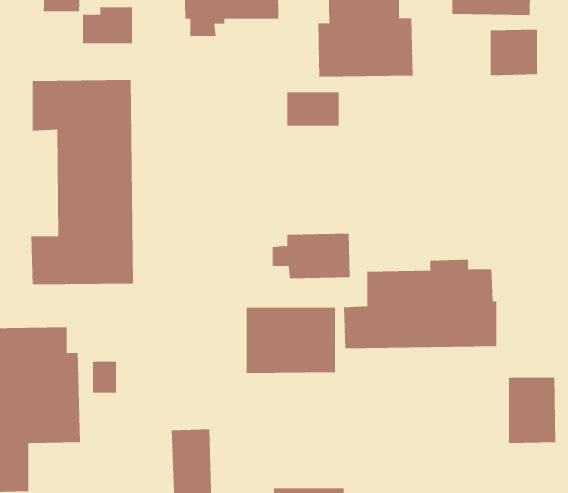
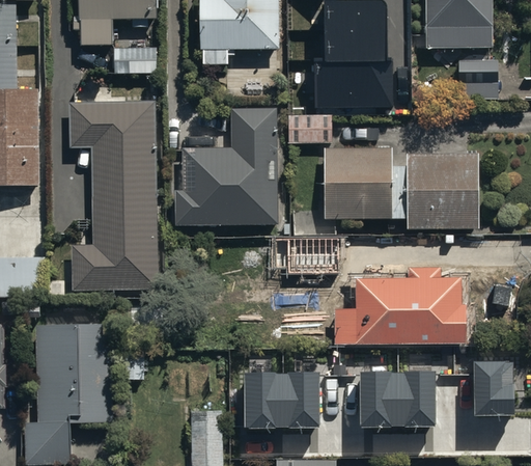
building: none -> [179,118,276,227]
building: none -> [324,153,392,223]
building: none -> [407,159,478,232]
building: [246,307,336,374] -> [243,369,318,426]
building: none -> [358,368,434,424]

